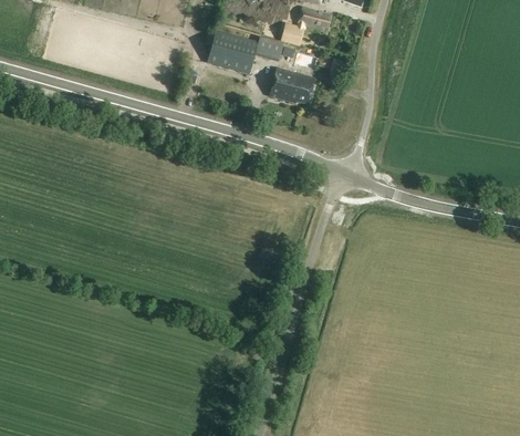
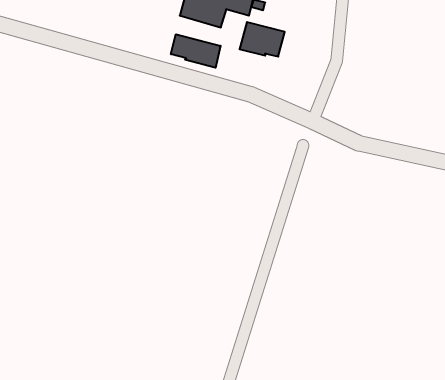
building: none -> [171,34,221,68]

